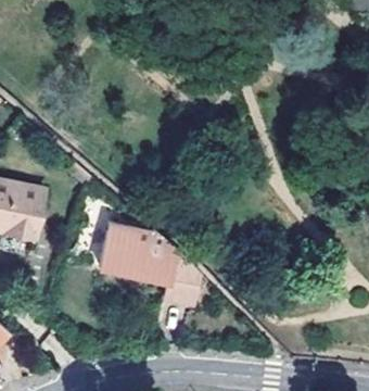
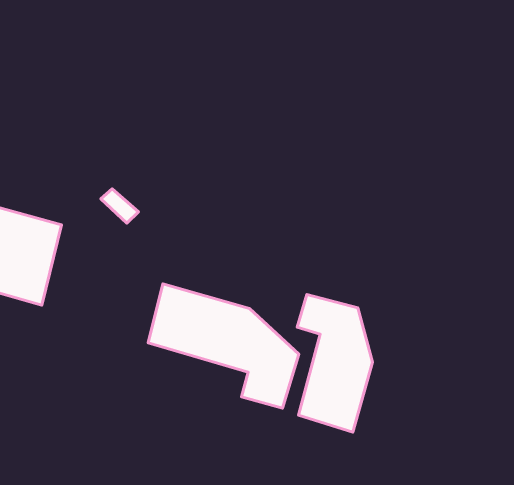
building: none -> [297,294,373,432]

